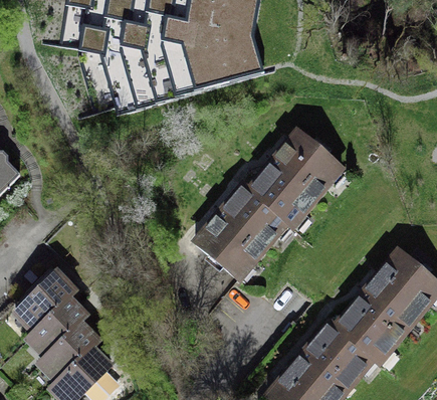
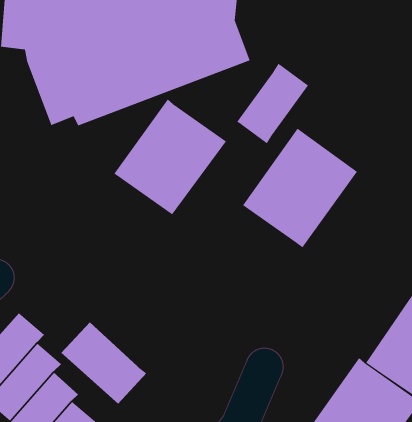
building: none -> [237,63,309,144]
building: [190,184,285,280] -> [113,99,227,215]
building: none -> [61,322,147,405]

